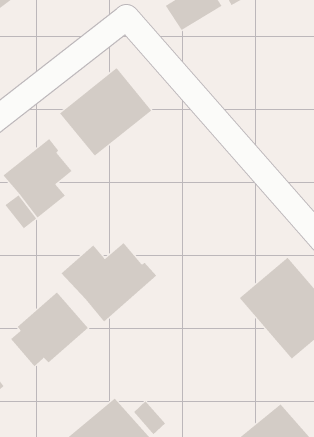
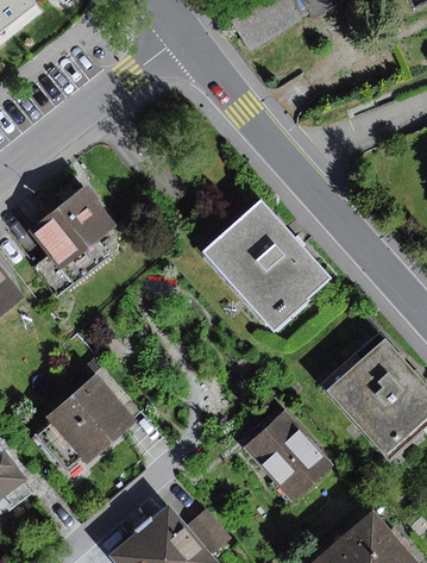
building: [59,67,152,157] -> none
building: none -> [202,198,333,330]
building: [61,242,157,322] -> none
building: none -> [245,411,333,500]

